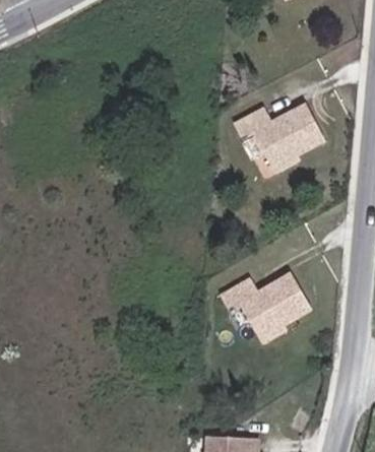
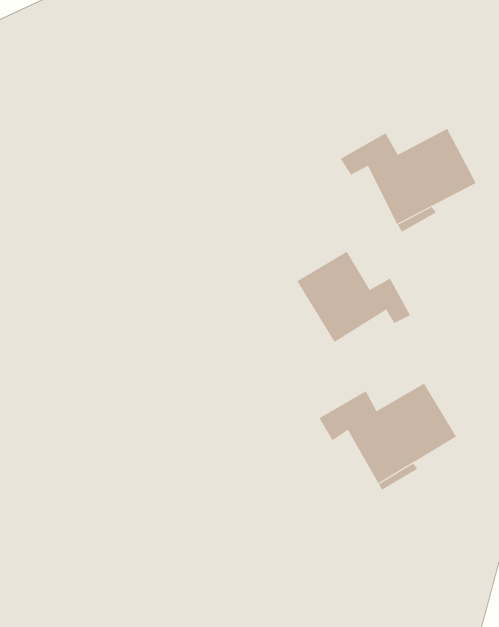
building: none -> [297,251,411,343]

